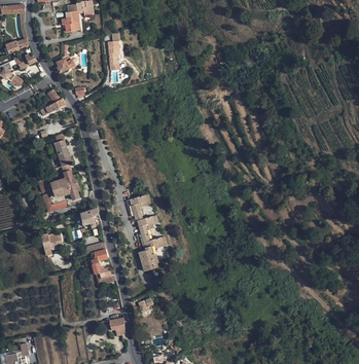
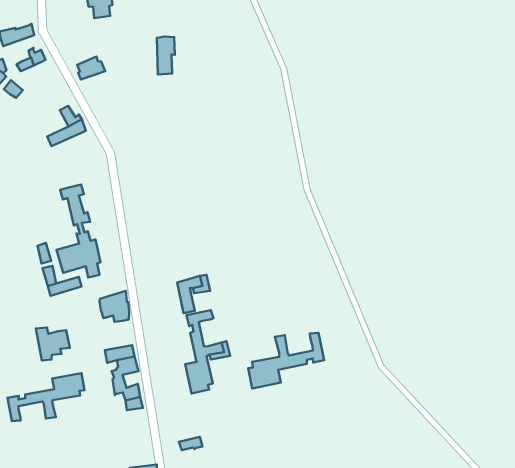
building: none -> [248,333,324,388]
building: none -> [7,373,85,421]

